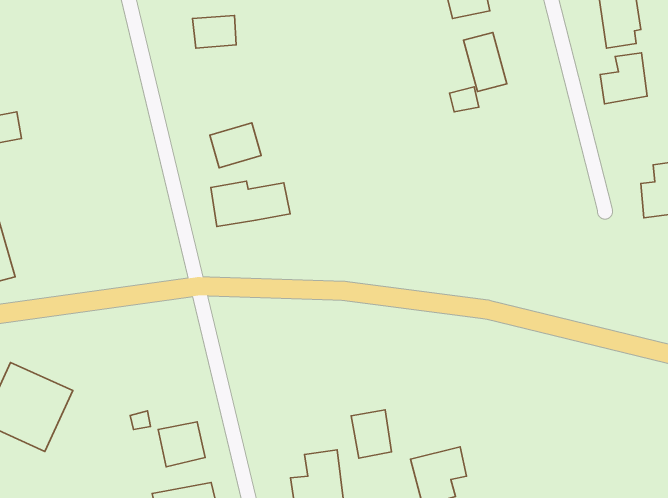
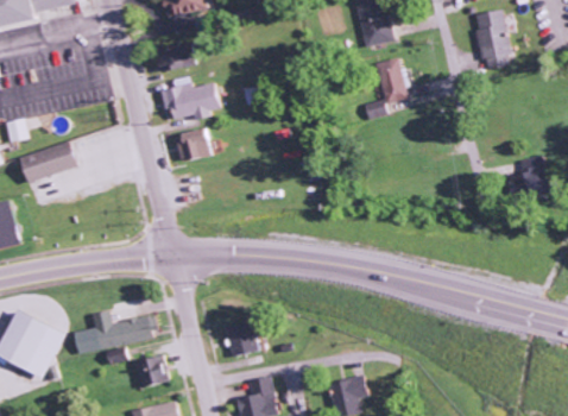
building: [600,53,647,104] -> none
building: none -> [27,141,84,179]
building: [211,181,290,226] -> [166,84,227,119]
building: none -> [80,310,162,352]
building: [351,410,392,458] -> [229,320,260,357]

